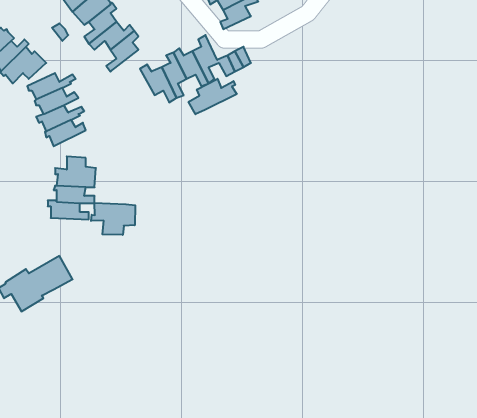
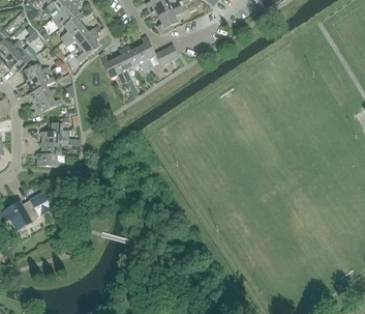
building: [189,79,237,114] -> none
building: [91,203,135,235] -> none

